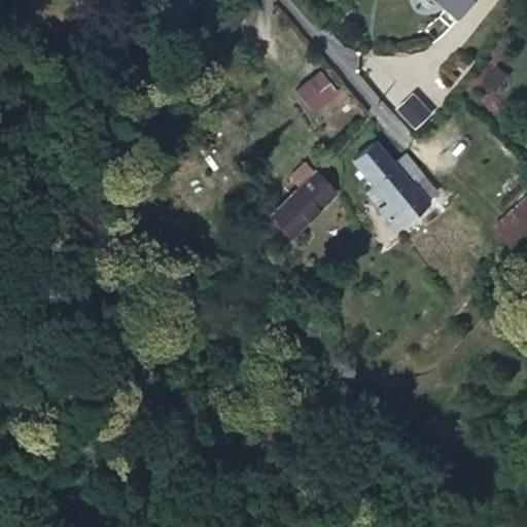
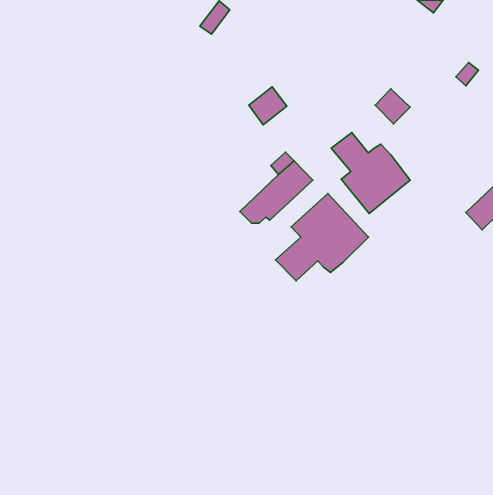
building: [298,72,339,112] -> [249,87,287,125]
building: none -> [276,193,369,281]

